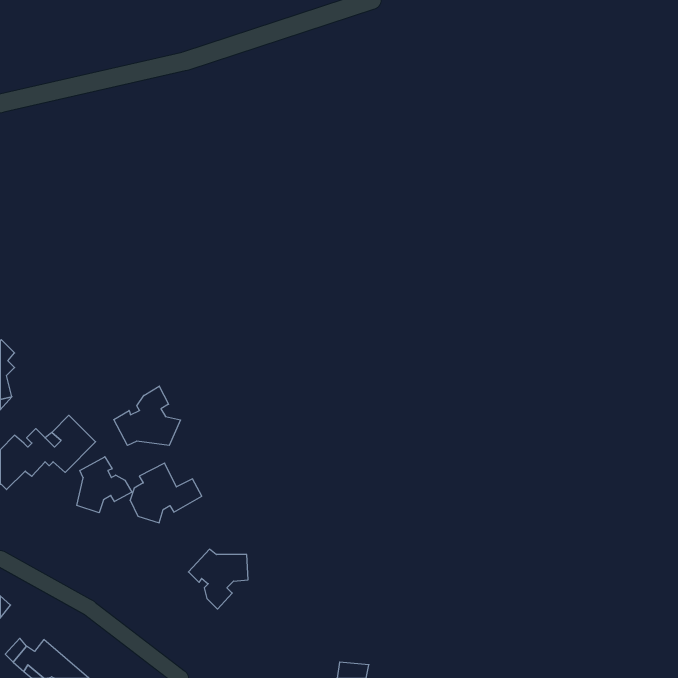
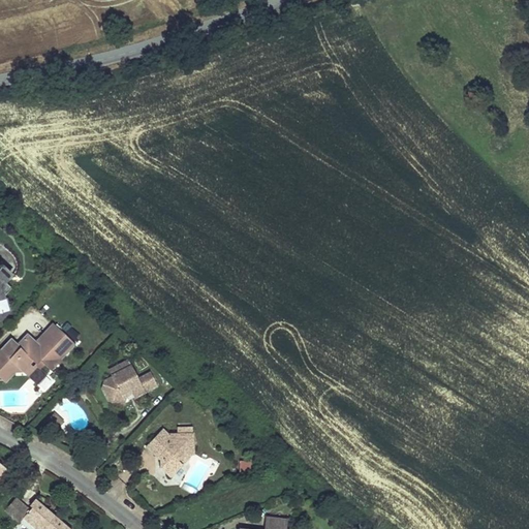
building: [114,386,180,445] -> none
building: [77,457,132,513] -> none

